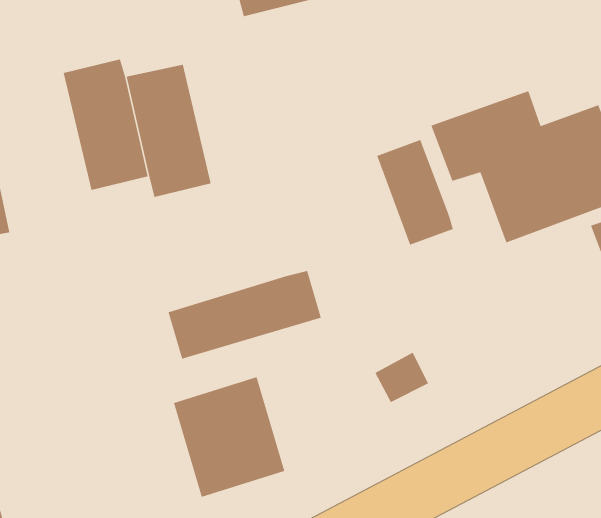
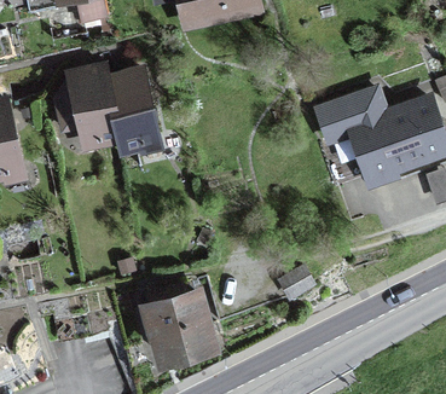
building: [377,139,454,245] -> none
building: [168,270,321,360] -> none

